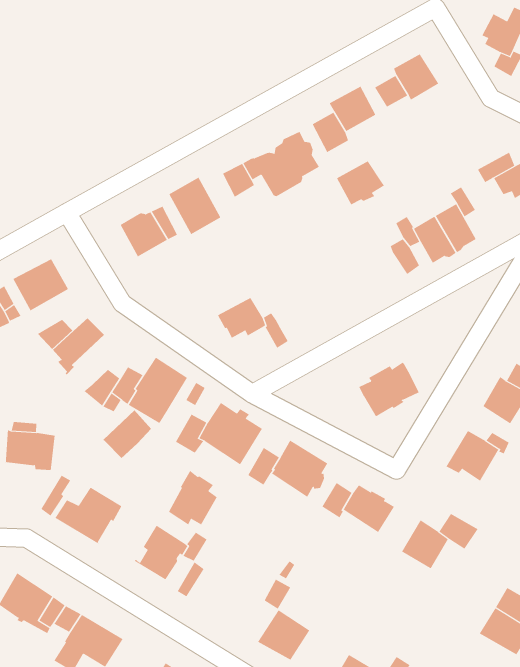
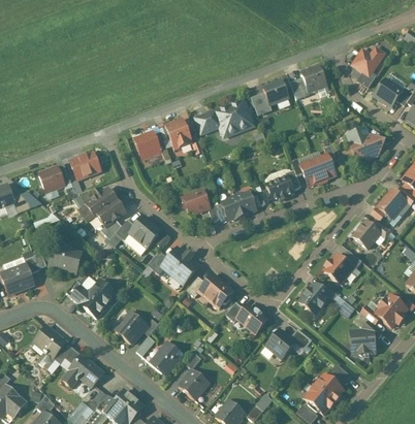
building: [336,161,385,205] -> [266,176,293,200]
building: [358,362,420,417] -> [221,191,255,220]
building: [102,410,152,459] -> [96,199,125,226]
building: [168,470,217,525] -> [151,340,180,372]

